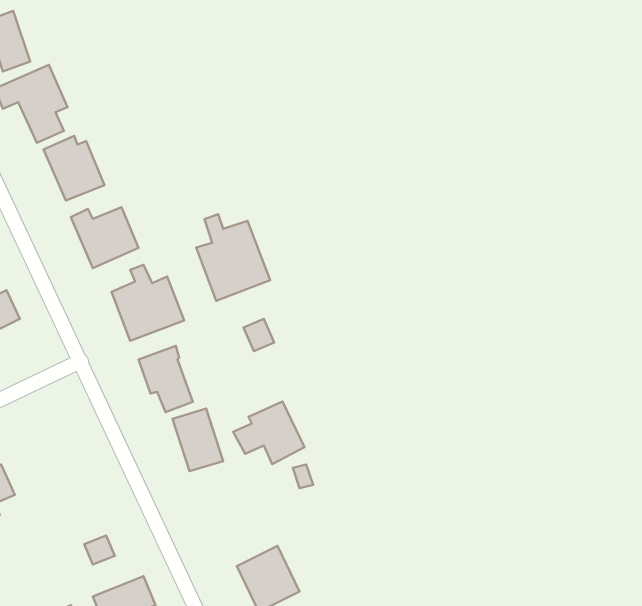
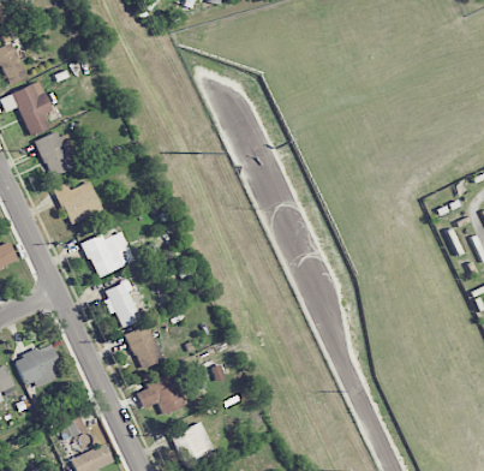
building: [196,214,270,301] -> none
building: [233,401,304,464] -> [136,371,186,416]
building: none -> [14,344,62,386]

